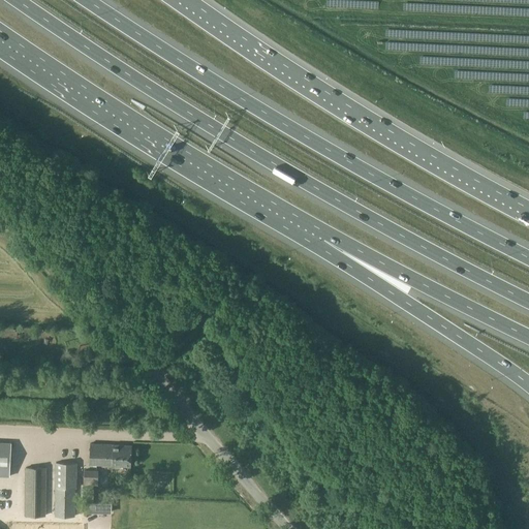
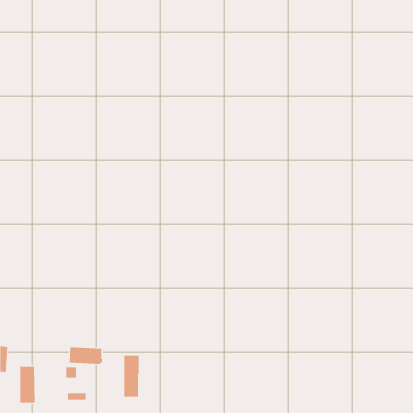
building: [55,462,75,516] -> [123,355,140,397]

